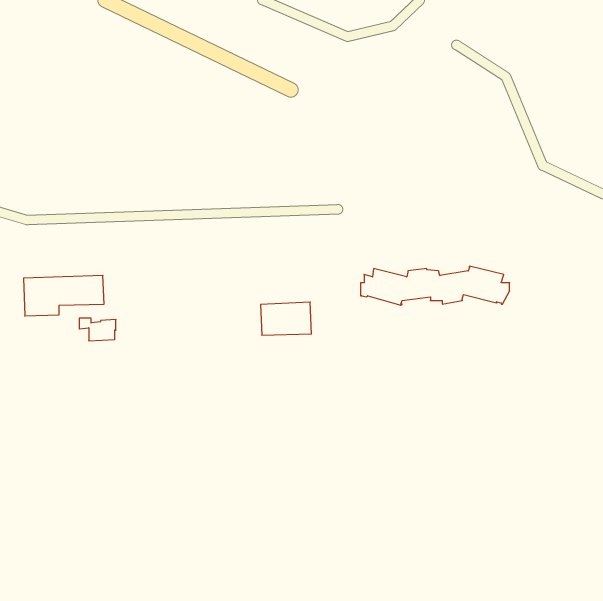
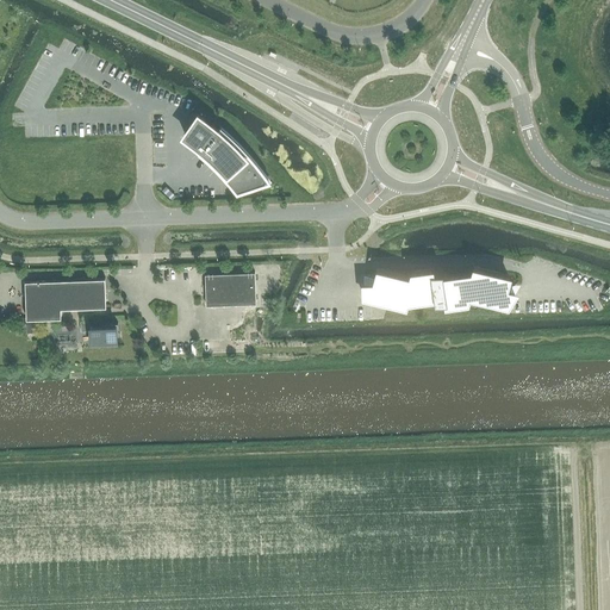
building: none -> [183,118,270,195]
building: [261,302,311,335] -> [204,275,255,309]

